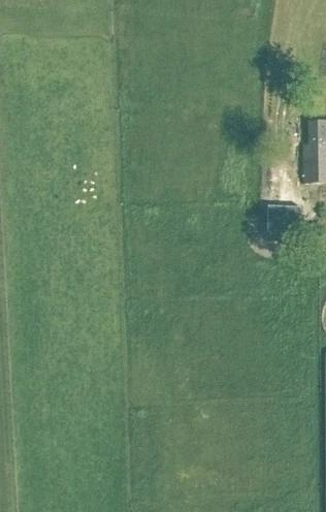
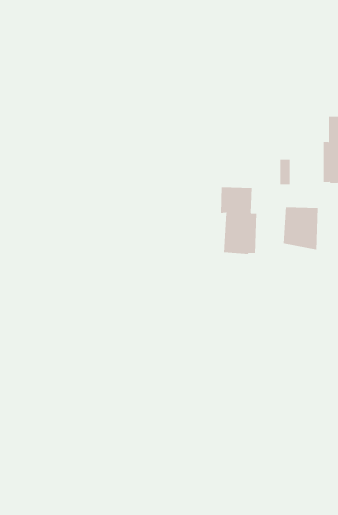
building: none -> [220,186,257,255]

